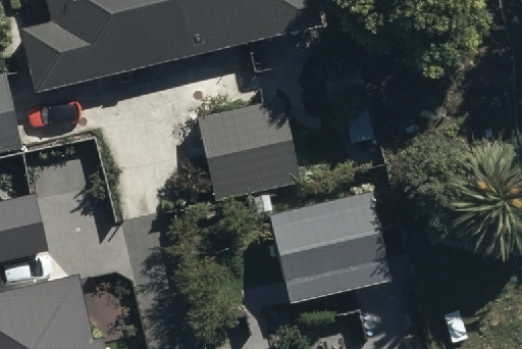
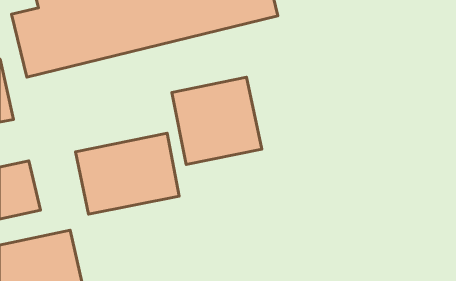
building: none -> [76,133,179,214]
building: [263,194,386,304] -> none

